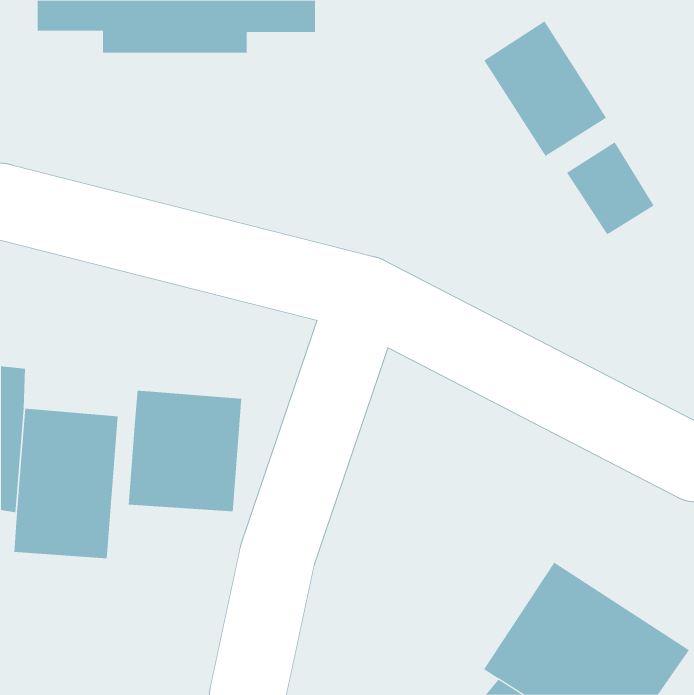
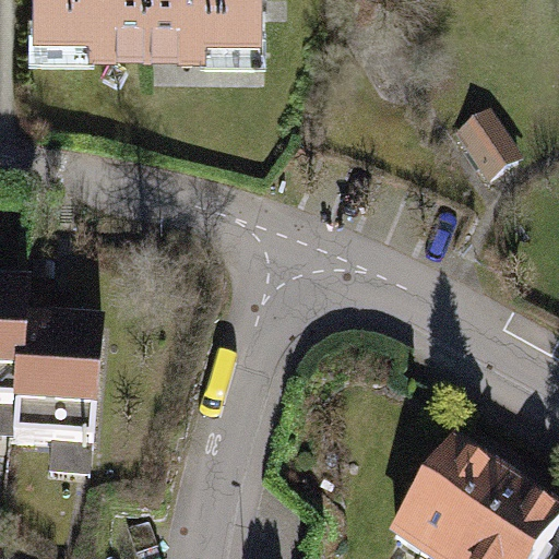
building: [484,20,607,157] -> none
building: [128,390,242,512] -> none

